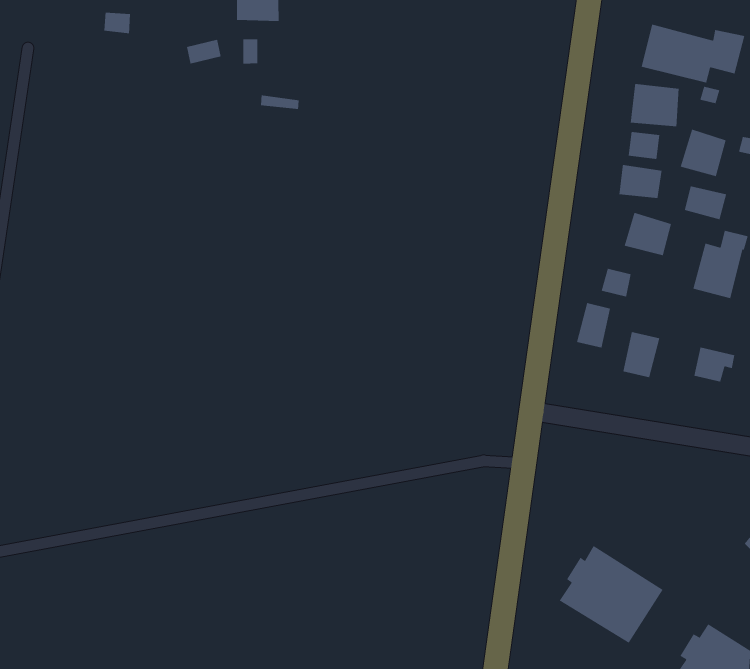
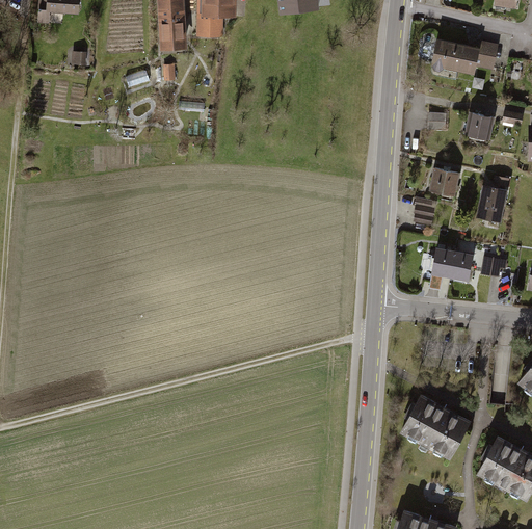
building: [630,83,679,127] -> none
building: [619,164,662,199] -> none
building: [684,185,727,220] -> none
building: [576,302,611,348] -> [451,249,473,280]

